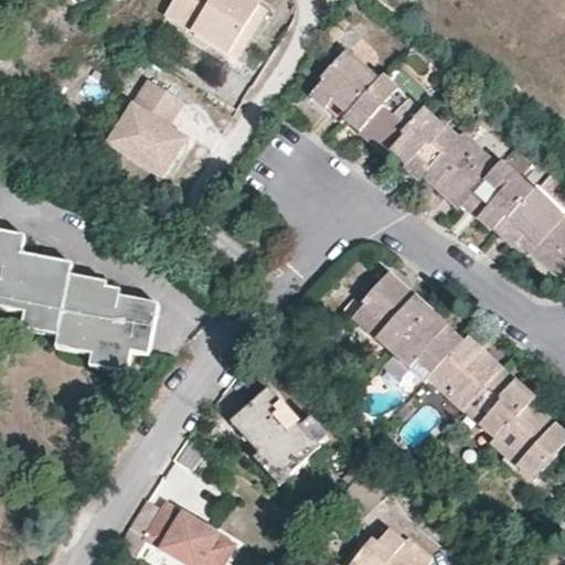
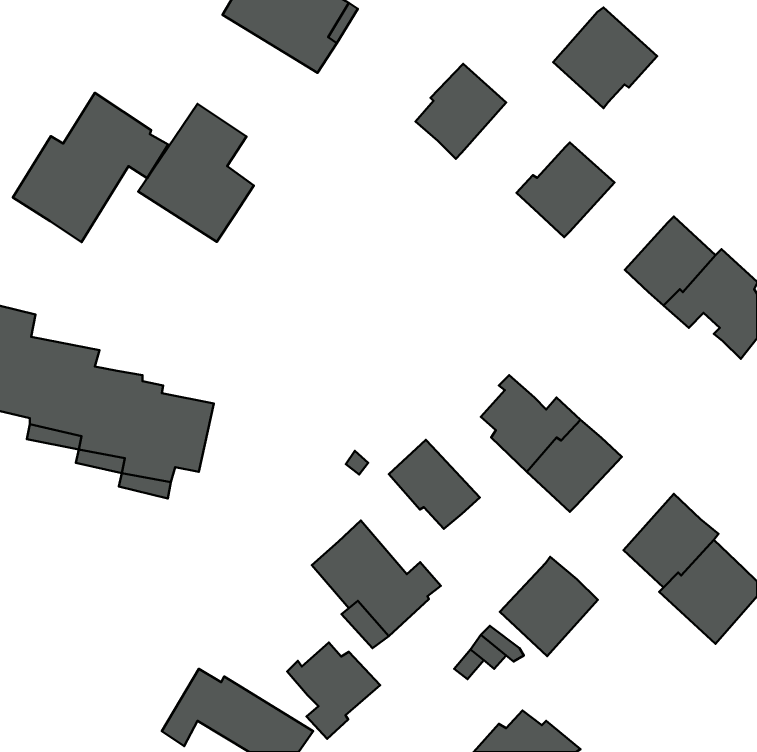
building: none -> [13,93,168,242]
building: [343,73,420,148] -> [553,7,657,108]
building: [424,132,497,205] -> none
building: none -> [389,440,480,529]
building: [428,335,501,409] -> [500,557,598,656]
building: none -> [287,643,380,739]

